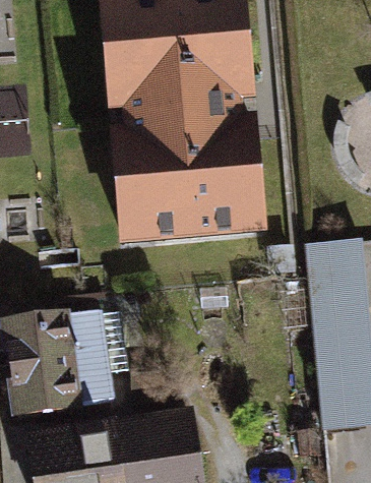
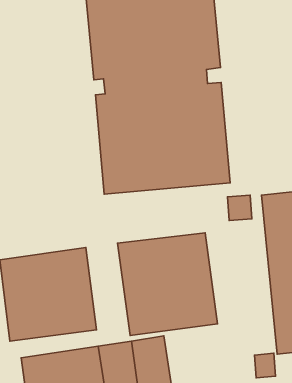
building: none -> [118,233,217,335]

